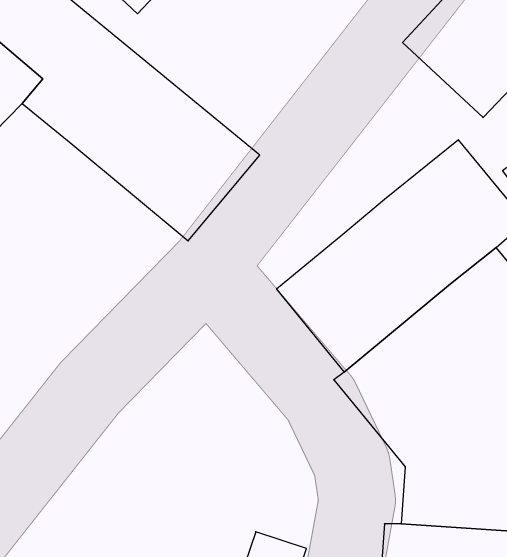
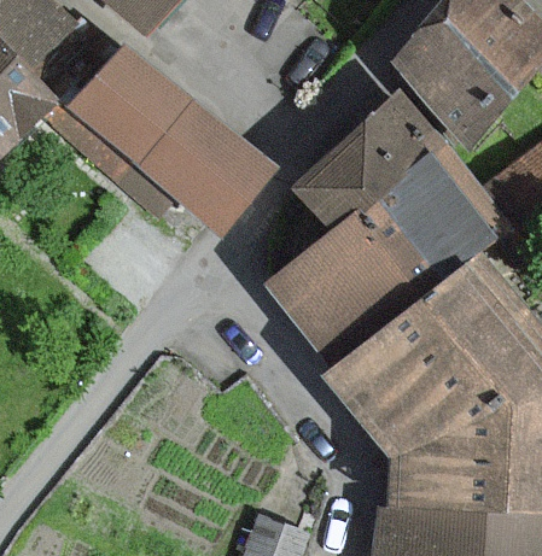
building: none -> [295,103,444,241]

